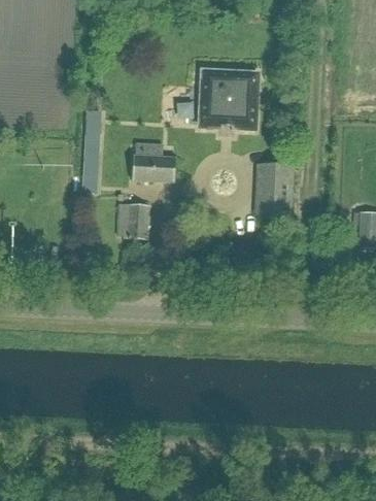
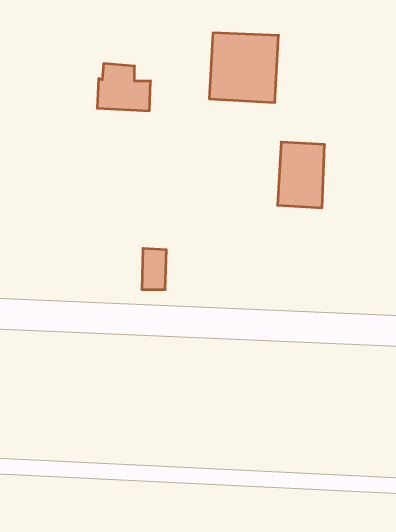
building: [130,141,174,180] -> [97,64,151,111]
building: [127,203,147,237] -> [142,248,166,289]

